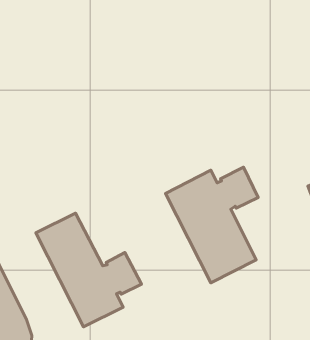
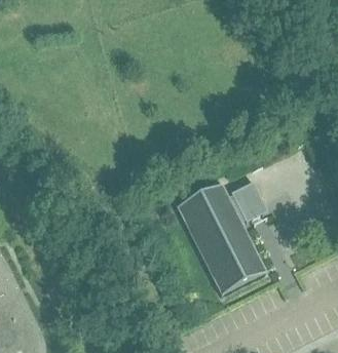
building: [36,213,141,327] -> none

